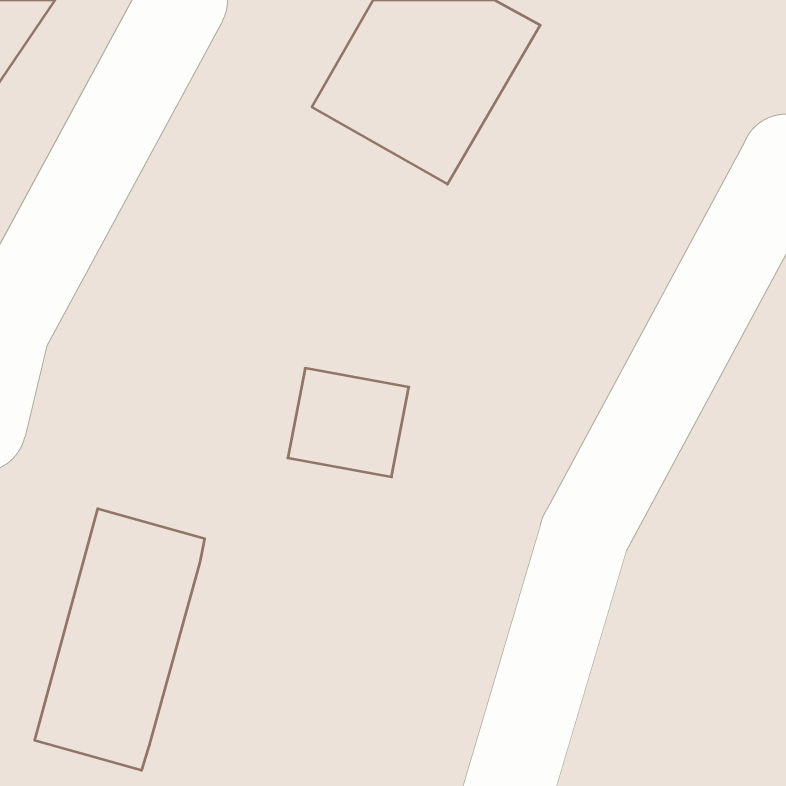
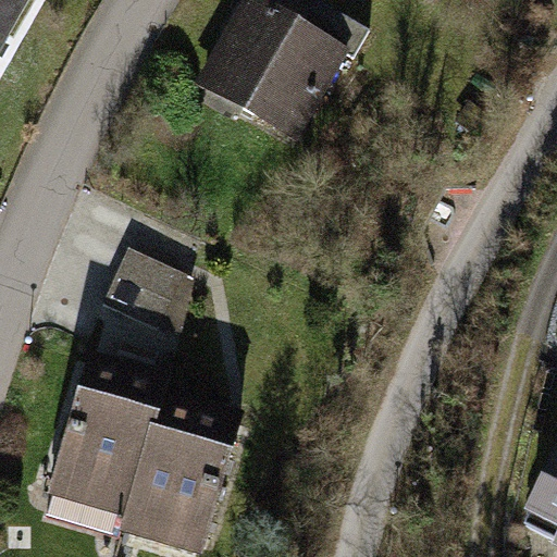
building: [288,368,409,477] -> [104,272,188,347]
building: none -> [103,401,219,549]

